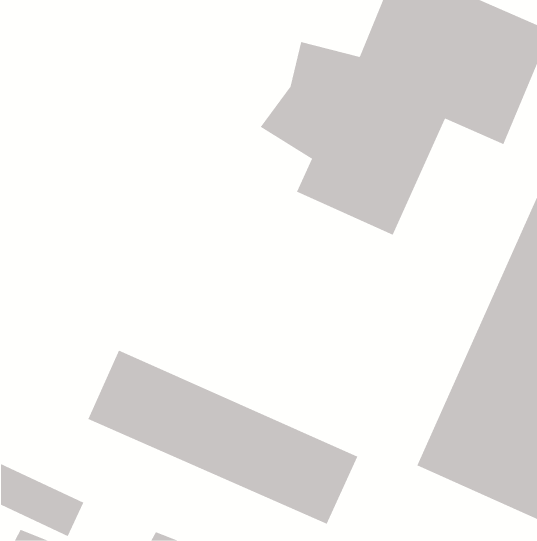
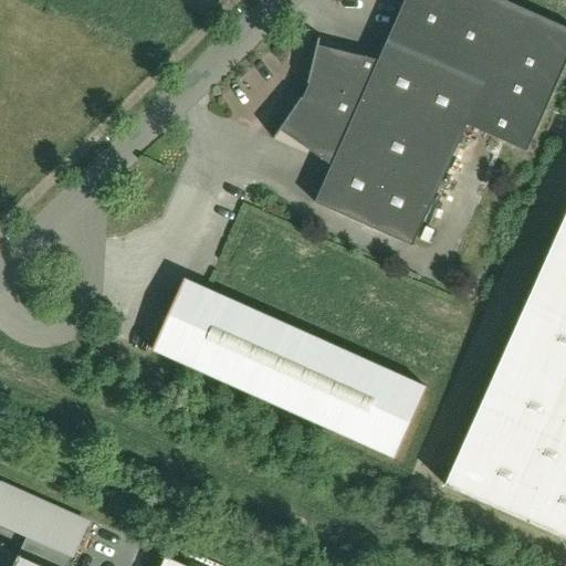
building: [87,350,358,525] -> [151,279,432,460]

